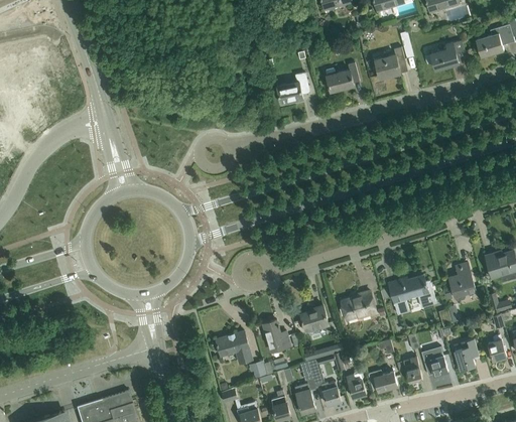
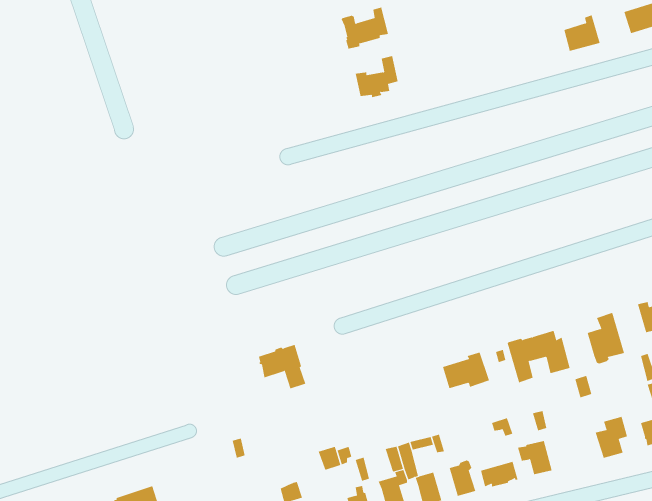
building: [374,46,407,79] -> none
building: [324,61,359,93] -> [341,7,389,49]
building: [300,305,328,331] -> none
building: [262,319,290,351] -> none
building: [216,330,251,364] -> [258,344,306,389]
building: [420,346,447,376] -> none

